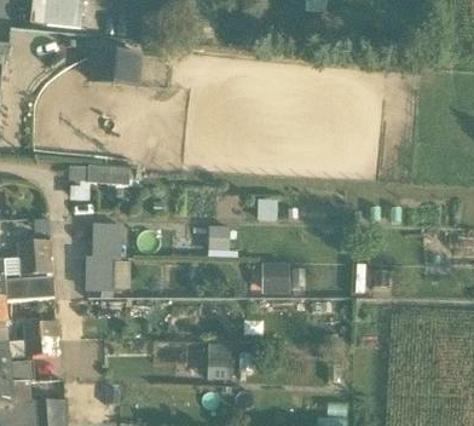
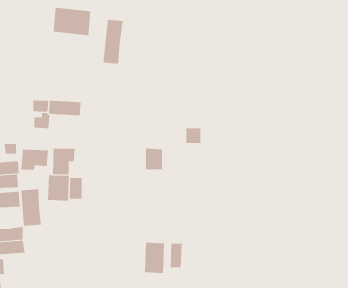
building: none -> [103,19,123,65]
building: none -> [21,149,48,171]
building: [261,261,288,292] -> none
building: none -> [21,188,41,227]

